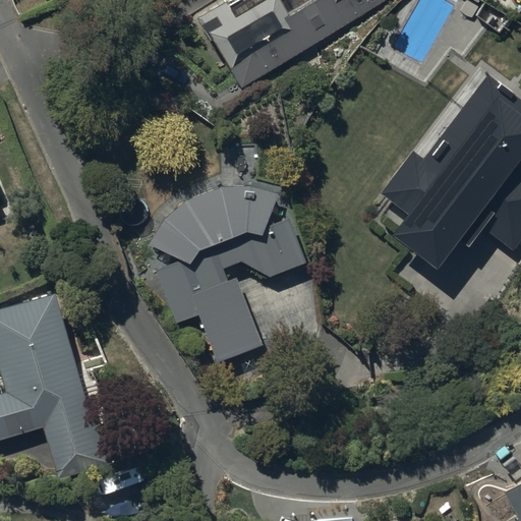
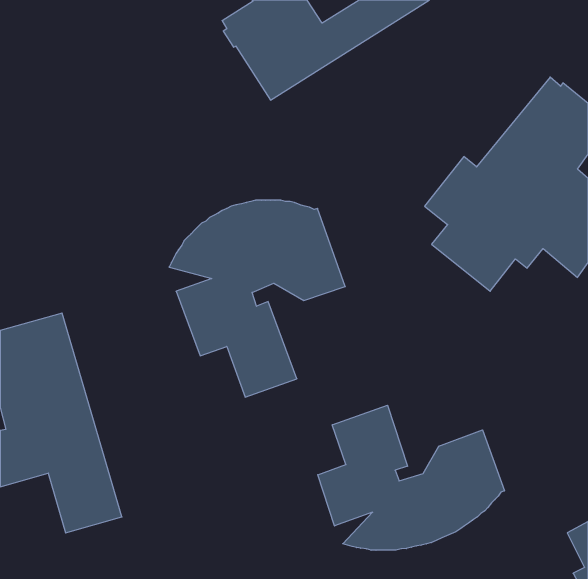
building: none -> [318,405,504,550]

